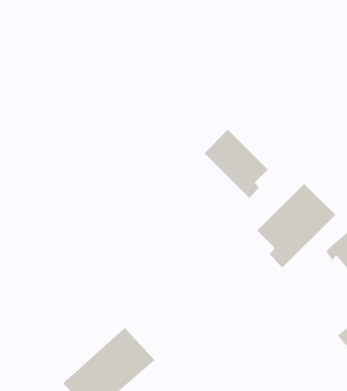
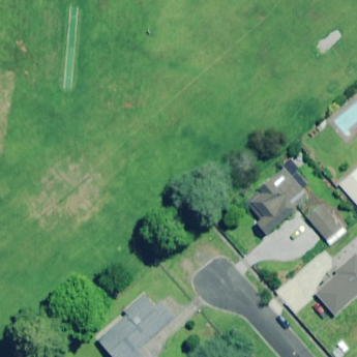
building: [204,129,268,199] -> none

